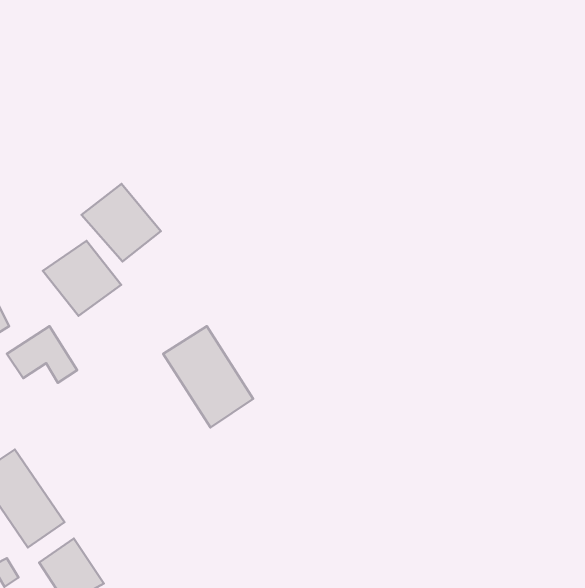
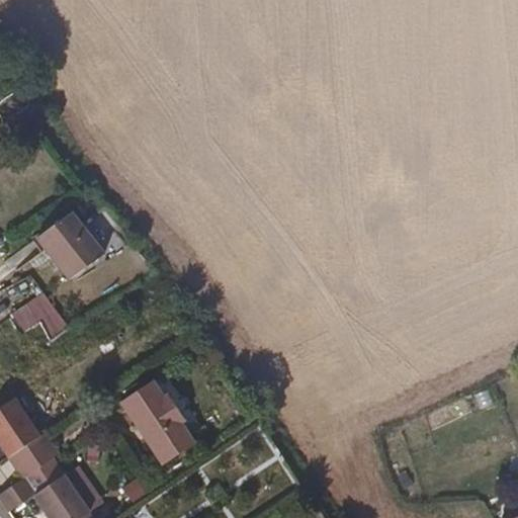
building: [82,184,161,262] -> none
building: [163,326,253,428] -> [120,379,199,468]

